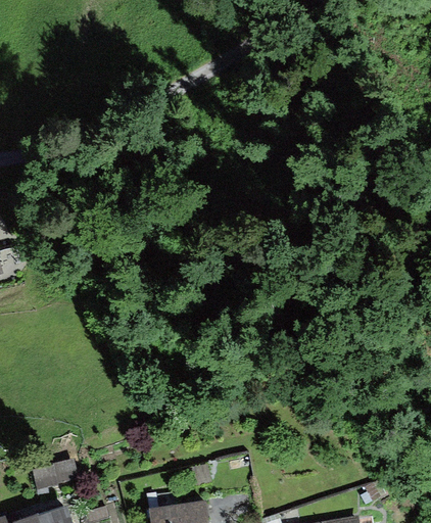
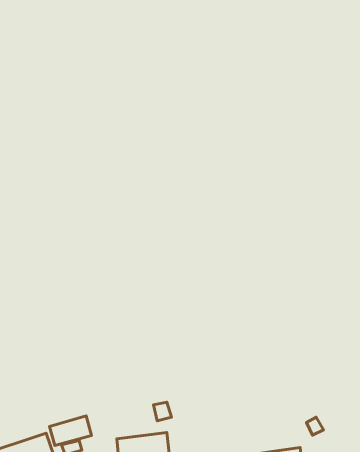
building: [30,460,78,493] -> [49,416,91,445]

